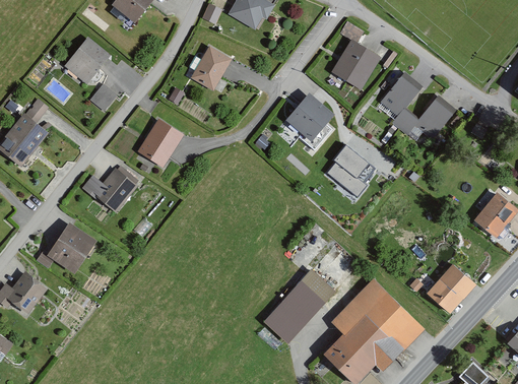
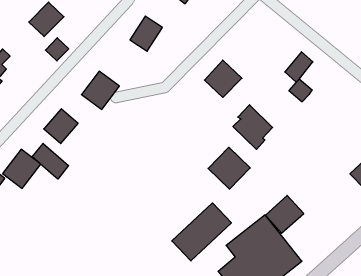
building: [332,23,379,86] -> none
building: [416,98,452,136] -> none
building: none -> [208,147,250,189]
building: none -> [32,143,69,179]
building: [429,265,475,312] -> [265,195,304,233]

